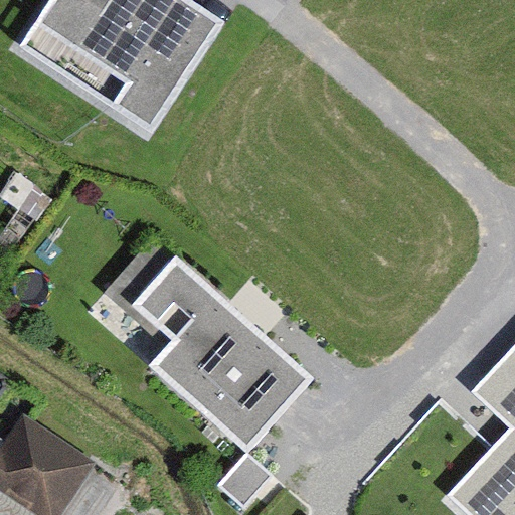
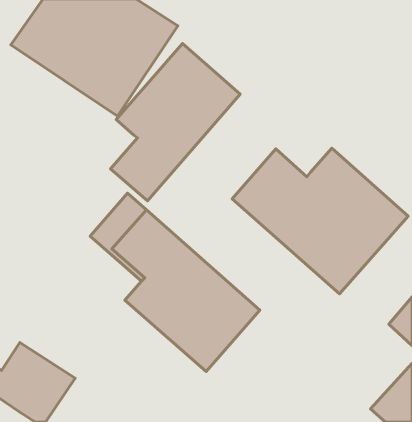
building: none -> [110,44,240,201]
building: none -> [232,148,408,294]

